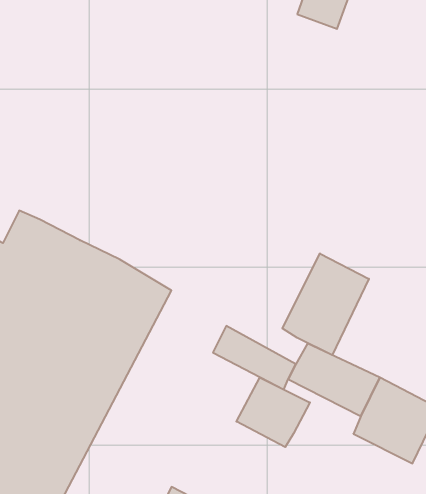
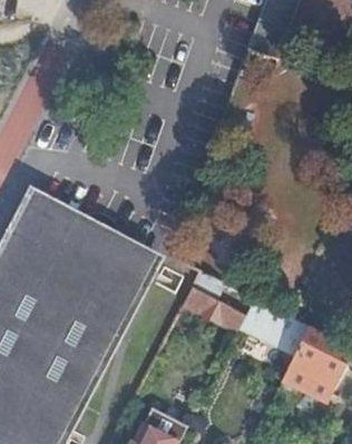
building: [282,253,369,355] -> none
building: [236,378,310,447] -> none

